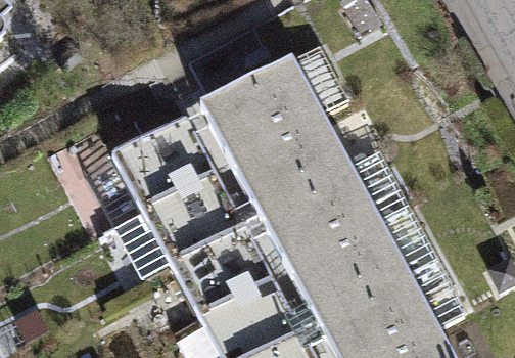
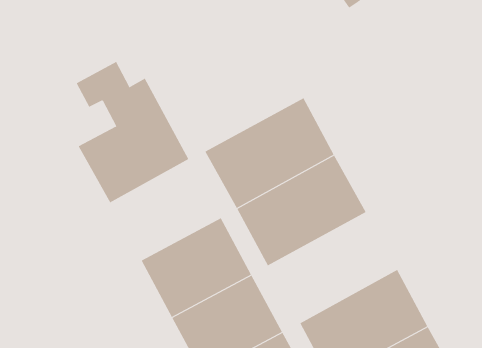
building: [197,40,344,158] -> none
building: [138,165,241,259] -> none
building: [284,214,405,317] -> none

